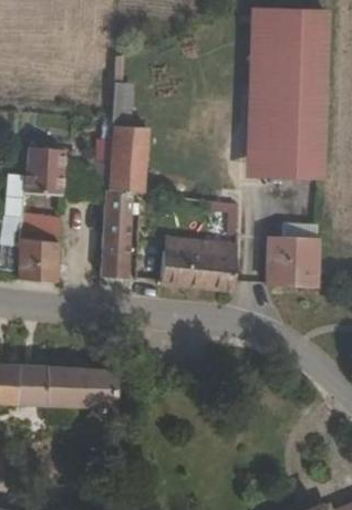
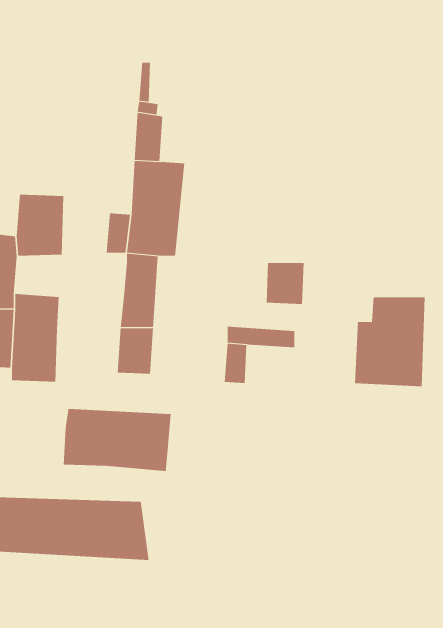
building: [263,15,325,179] -> none
building: [190,257,226,287] -> none
building: none -> [63,408,171,472]

